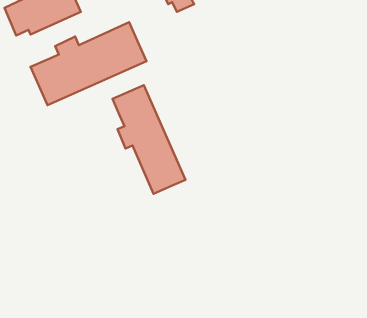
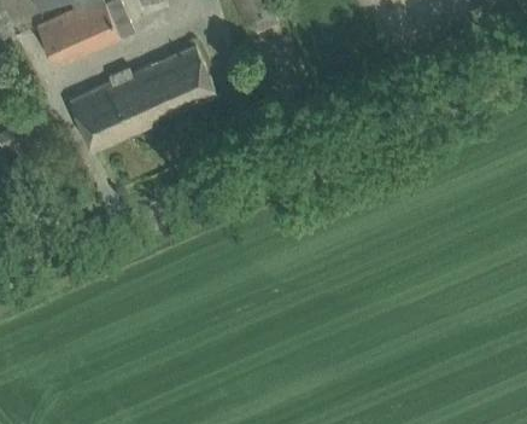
building: [112,85,186,194] -> none

